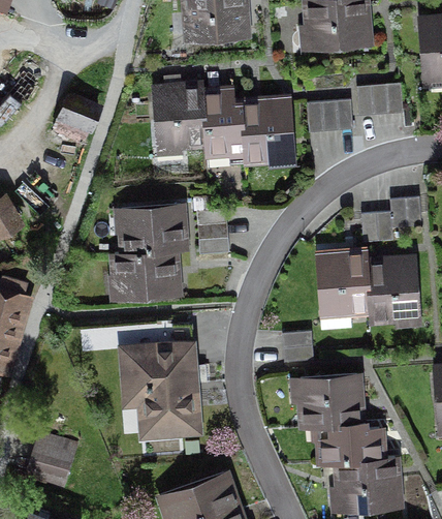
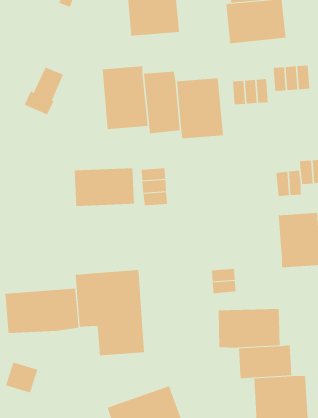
building: [314,248,369,322] -> none
building: [108,250,186,298] -> none
building: none -> [5,288,79,334]

